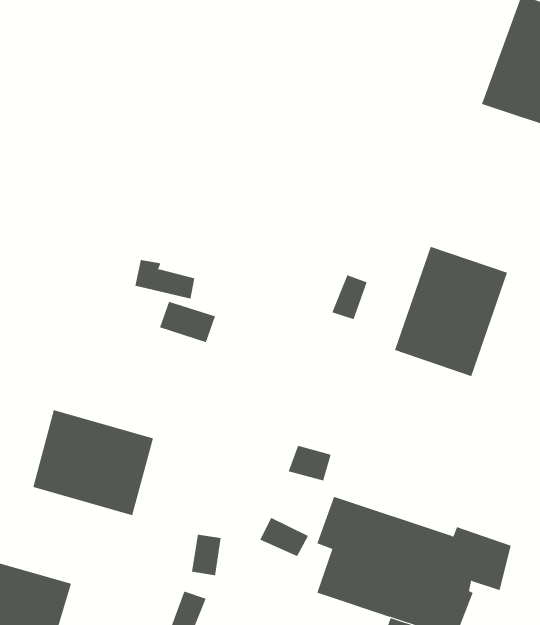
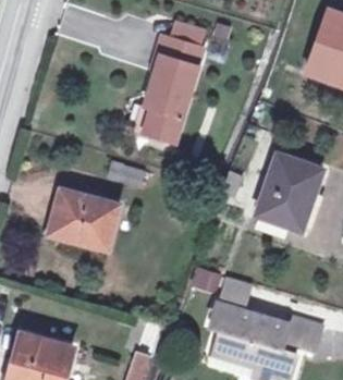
building: none -> [134,36,201,142]
building: [32,410,154,516] -> [47,188,117,249]

